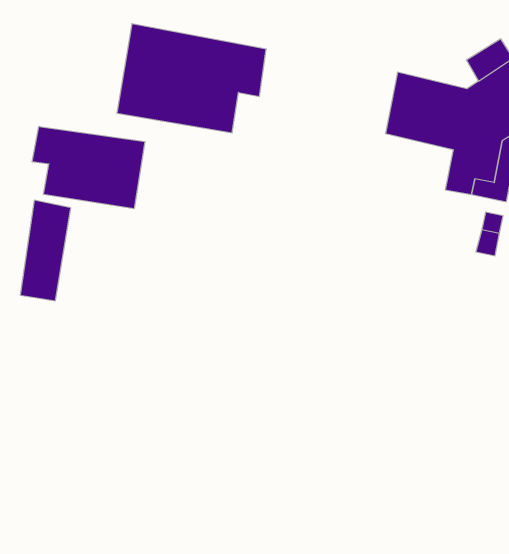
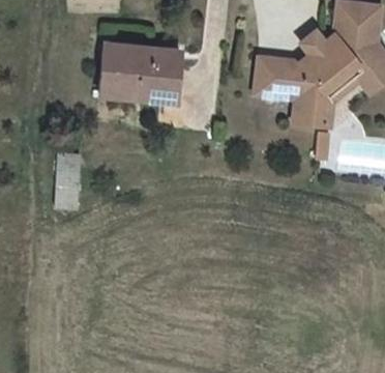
building: [32,126,145,209] -> none

